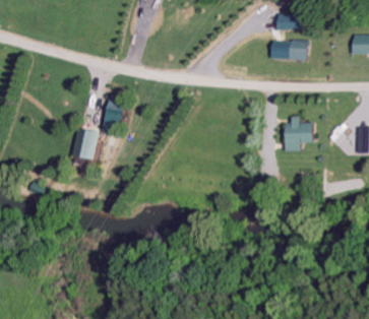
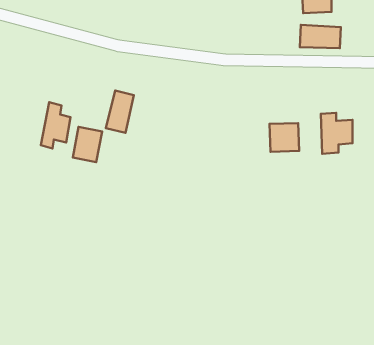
building: none -> [41,102,71,148]
building: none -> [269,123,299,152]

